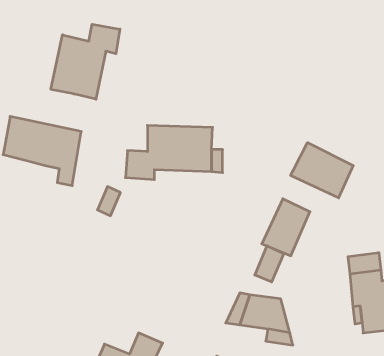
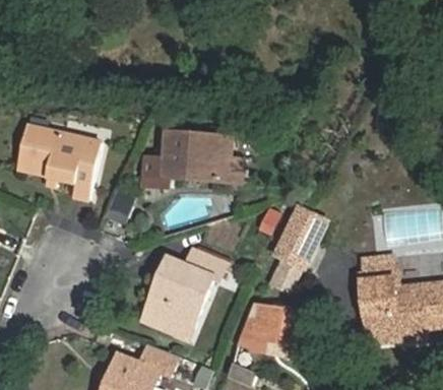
building: [51,24,120,99] -> none
building: [291,143,353,198] -> none
building: none -> [143,248,228,330]

